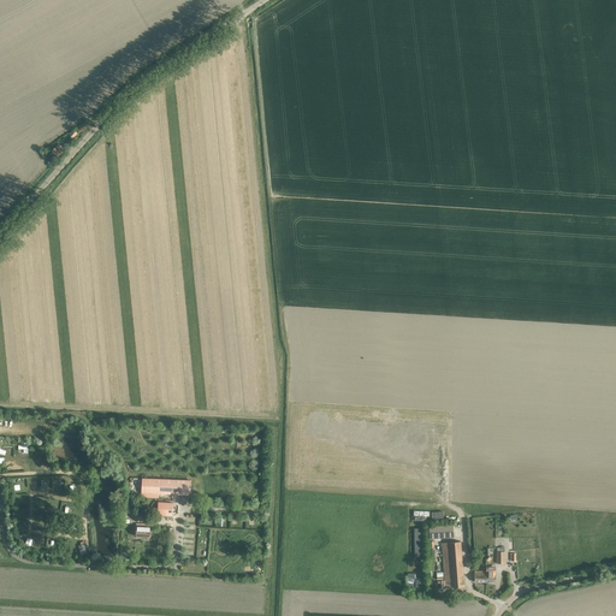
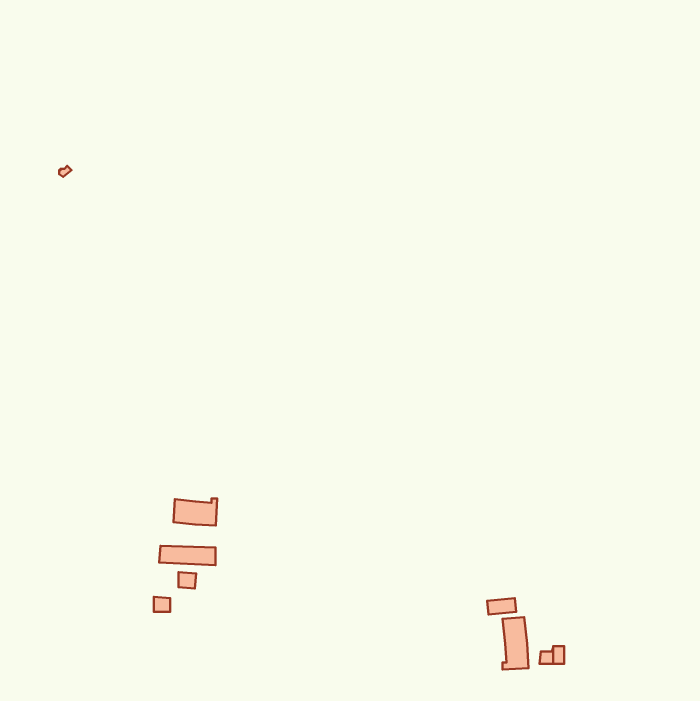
building: none -> [173,498,217,526]

